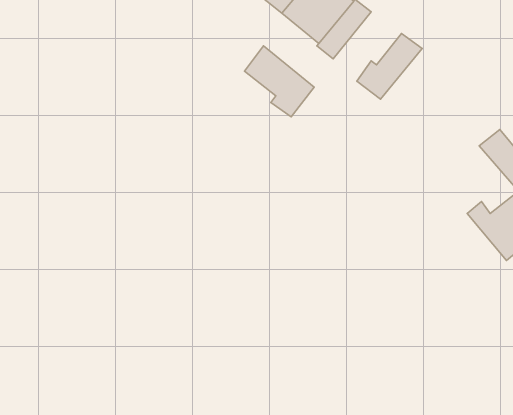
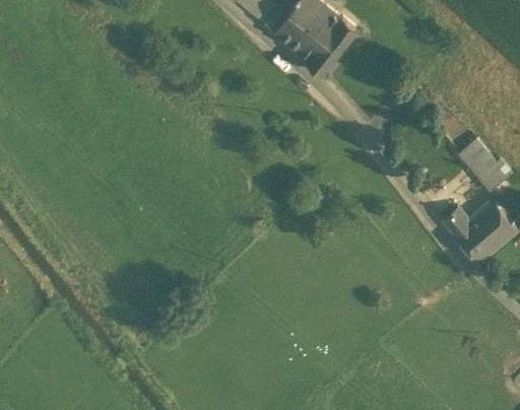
building: [357,33,422,99] -> none
building: [244,46,314,117] -> none

